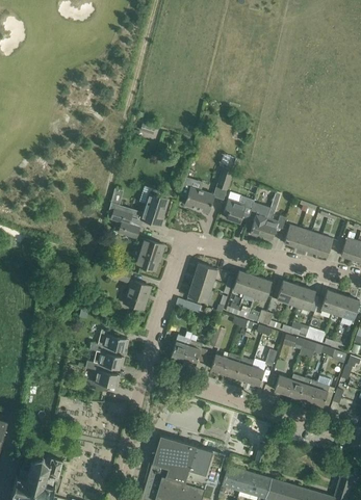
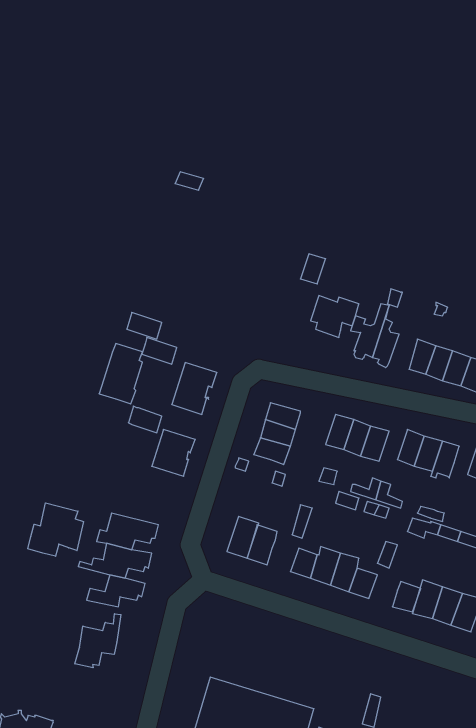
building: [179,185,214,213] -> none
building: [140,188,167,226] -> [99,344,142,404]
building: none -> [28,503,84,556]
building: none -> [75,614,121,668]

